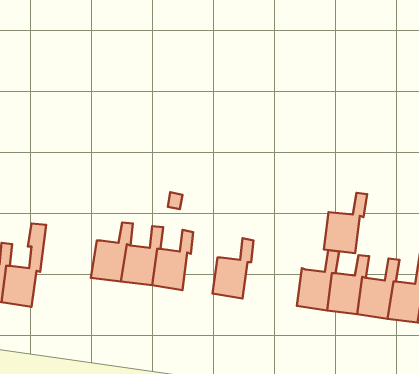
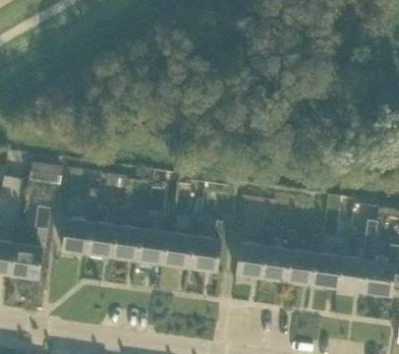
building: none -> [28,161,61,184]
building: [324,193,367,253] -> [235,226,272,277]
building: none -> [61,189,100,253]
building: none -> [165,217,200,267]

